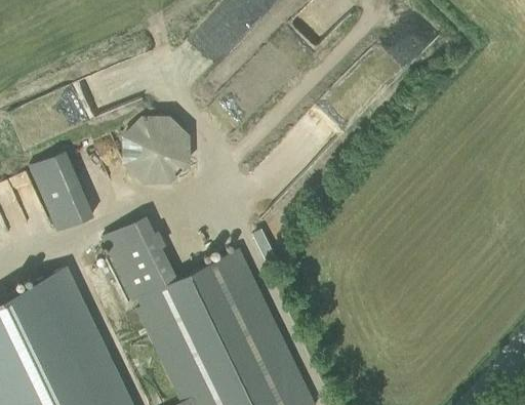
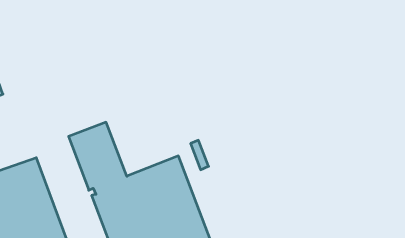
building: [124,116,192,183] -> none
building: [31,149,97,231] -> none

